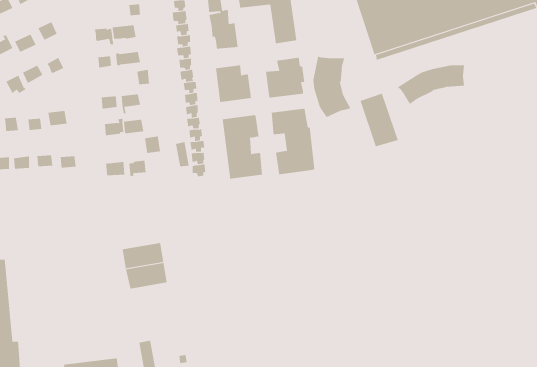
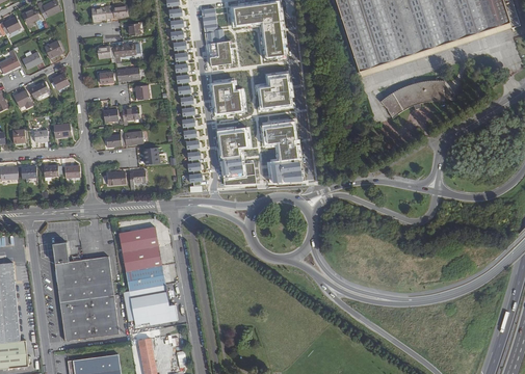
building: [313,56,351,118] -> none
building: [360,93,398,147] -> none
building: none -> [117,226,158,252]
building: none -> [52,241,119,340]
building: none -> [129,284,177,323]

